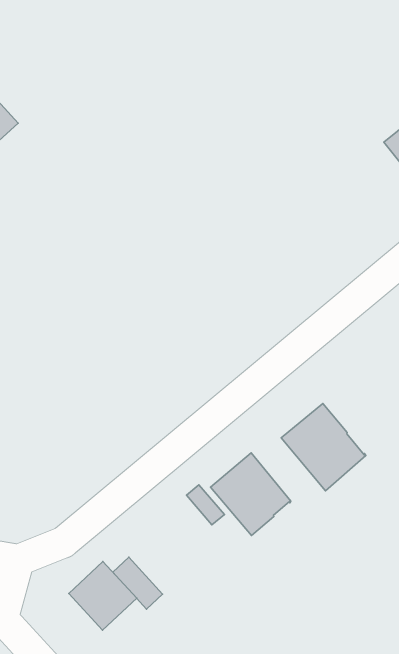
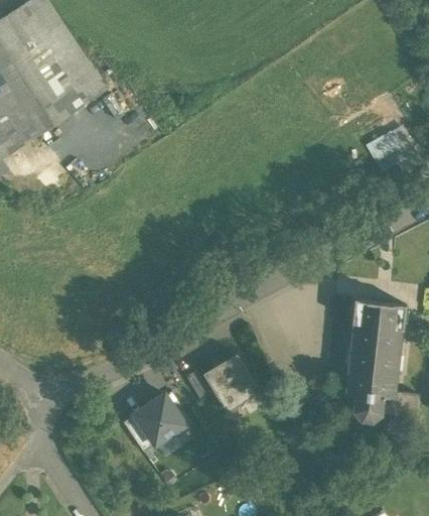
building: [281,404,366,491] -> none
building: [69,561,137,630] -> [135,396,183,445]

